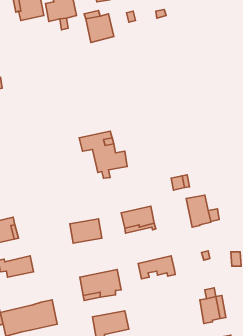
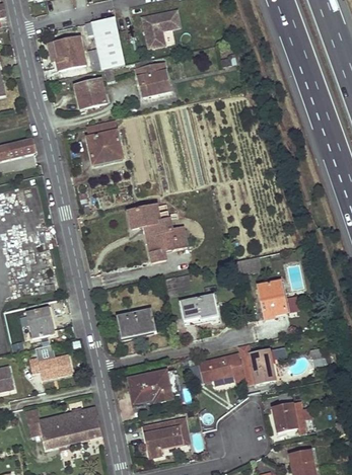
building: none -> [74,79,107,107]
building: none -> [86,122,122,162]
building: none -> [236,342,275,384]

